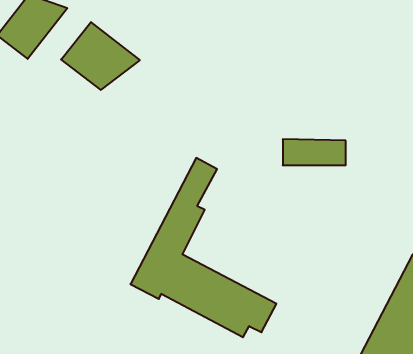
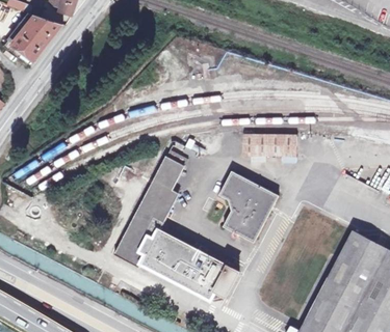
building: [61,22,140,90] -> none
building: none -> [218,171,279,243]

